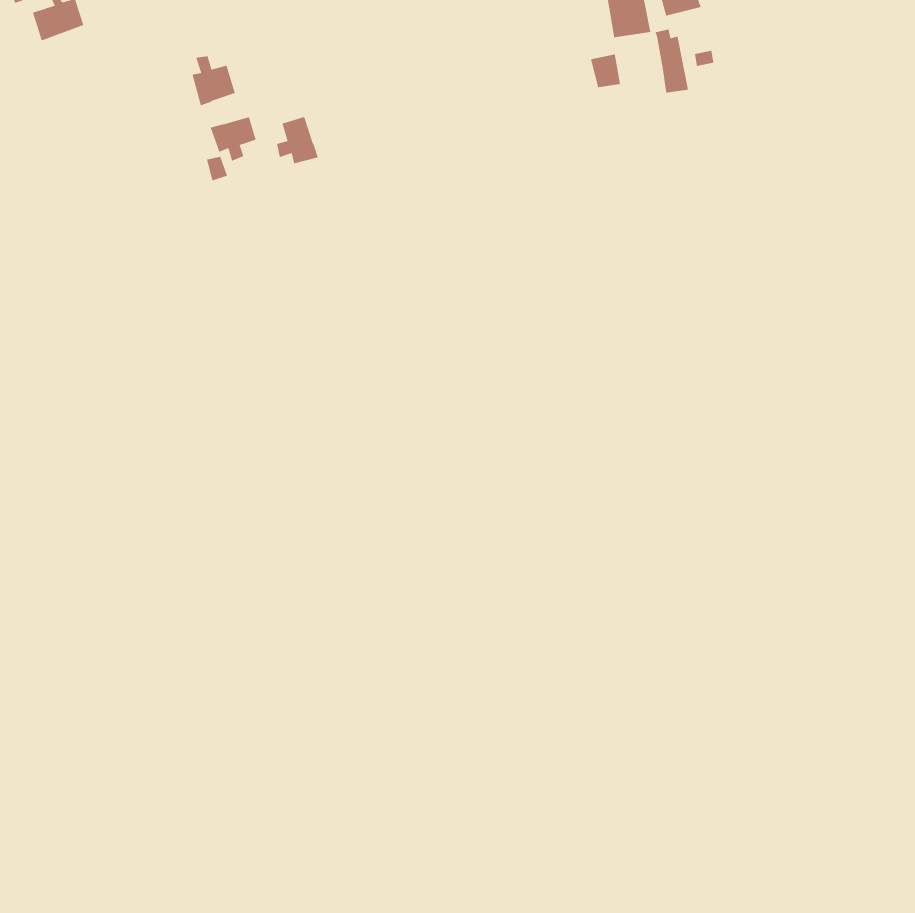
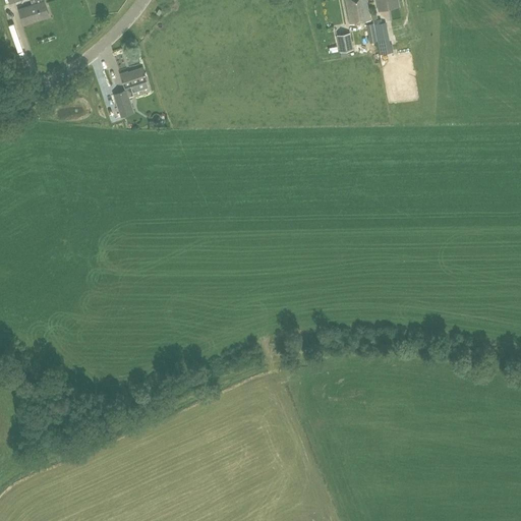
building: [192,55,236,106] -> none
building: [276,116,319,164] -> none

